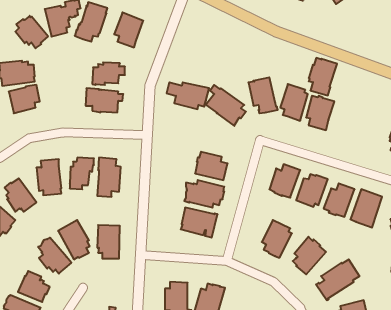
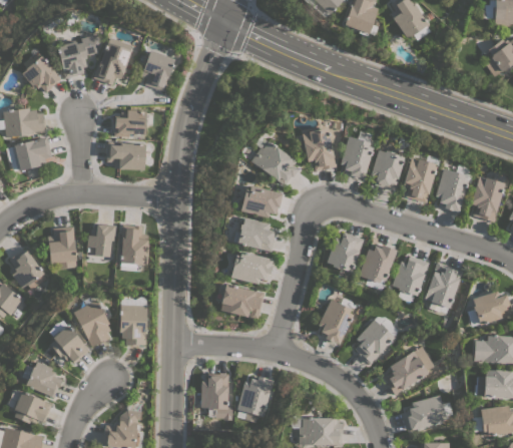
building: [309,58,337,95] -> [403,157,437,202]
building: [167,82,209,109] -> [231,185,283,217]
building: none -> [435,167,468,211]

